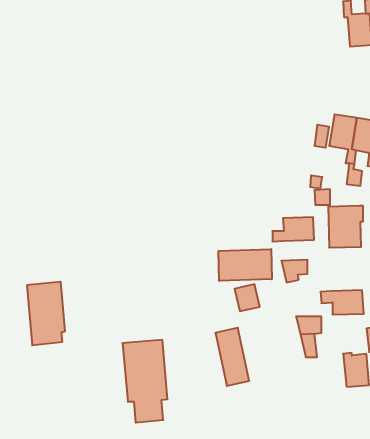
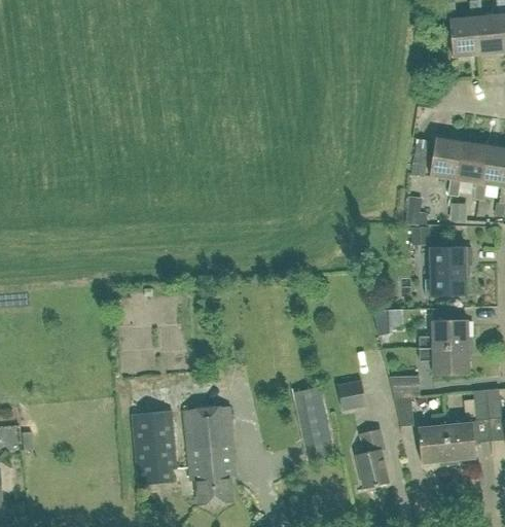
building: [272,217,314,242] -> [419,319,468,348]
building: [219,249,272,281] -> none
building: [27,282,65,345] -> [133,410,178,485]
building: [235,284,260,311] -> [337,379,367,411]
building: none -> [418,414,449,463]
building: none -> [356,427,389,487]

